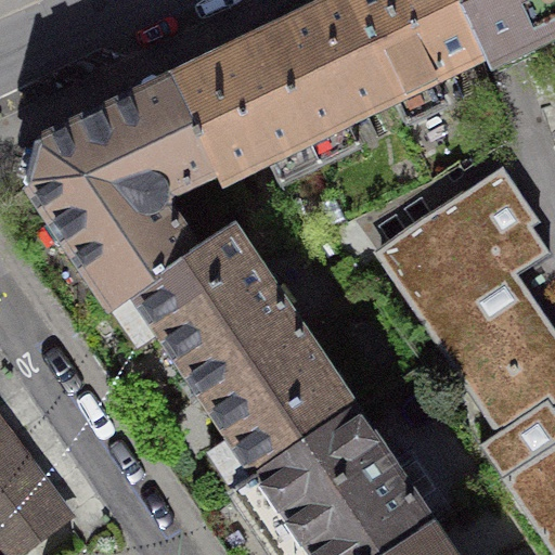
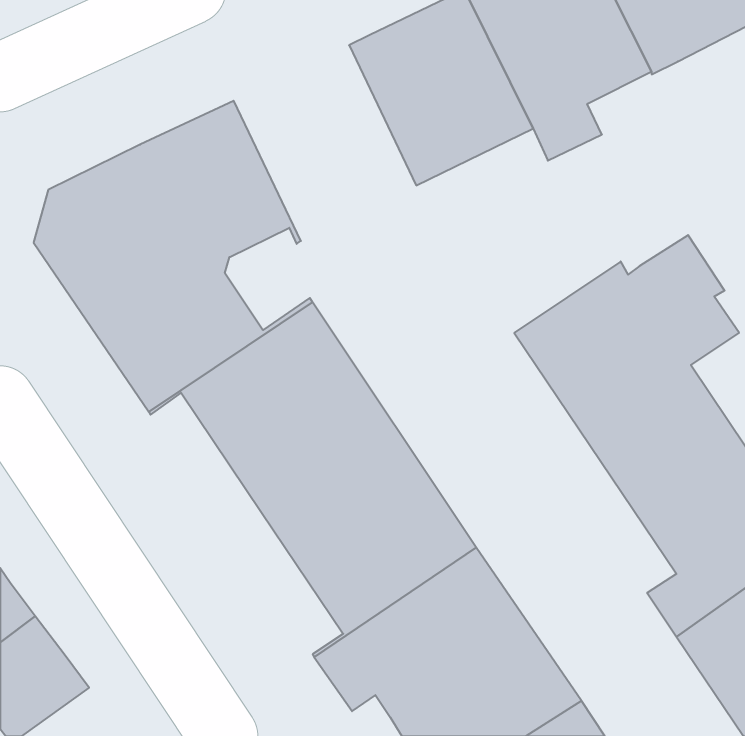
building: [175,34,310,179] -> none

